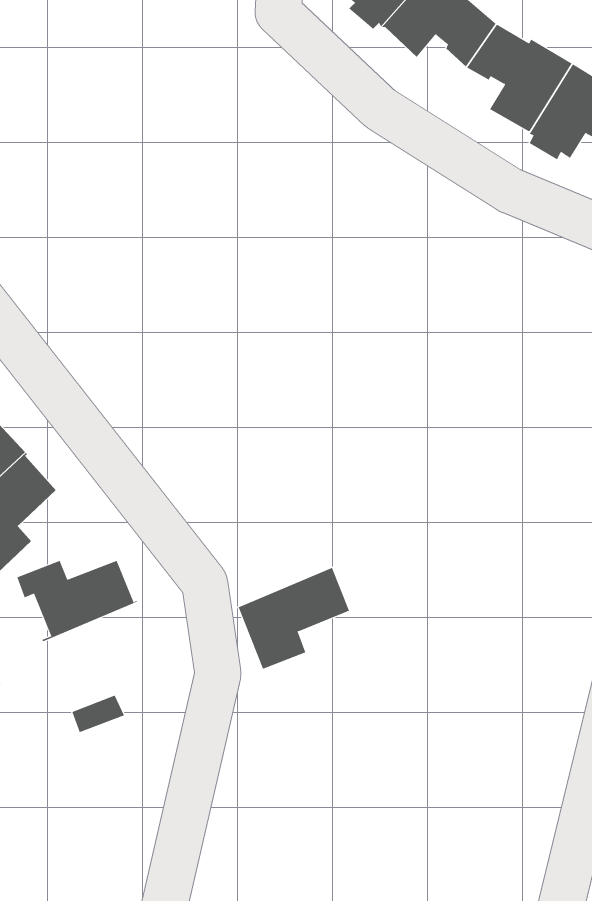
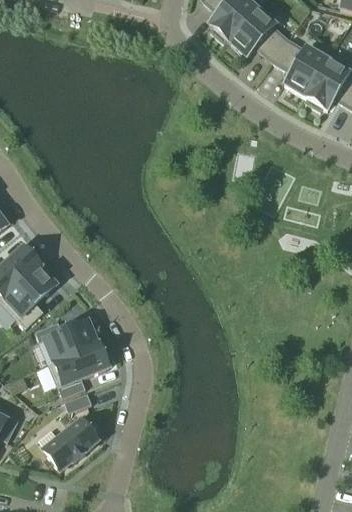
building: [238,567,350,670] -> [49,342,108,396]
building: none -> [38,419,98,469]

